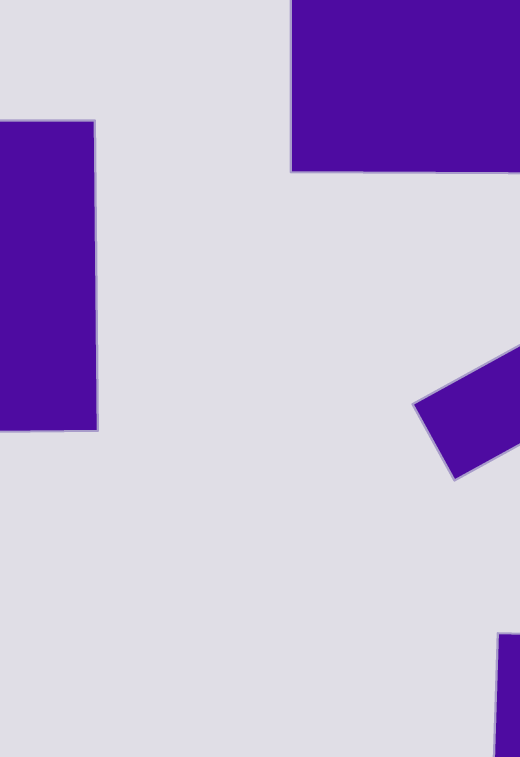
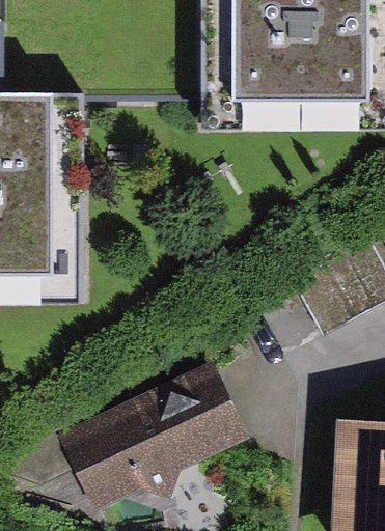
building: none -> [58,365,245,503]

